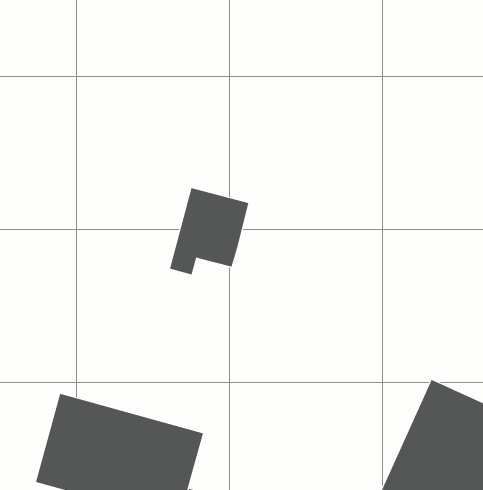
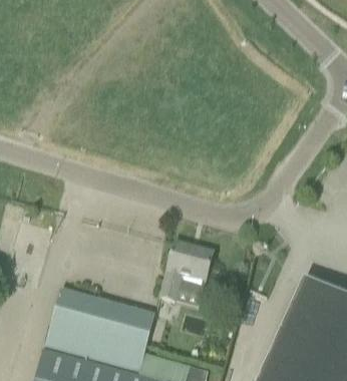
building: [169,187,249,275] -> [160,240,213,297]

